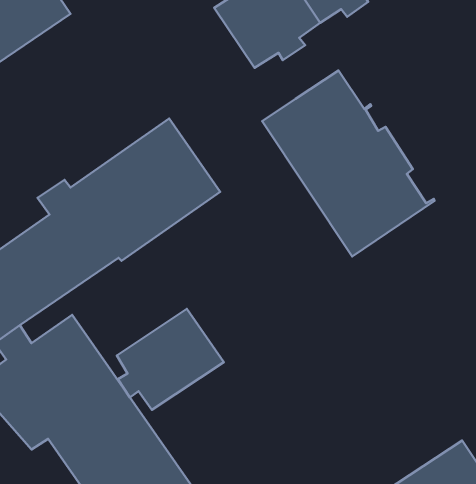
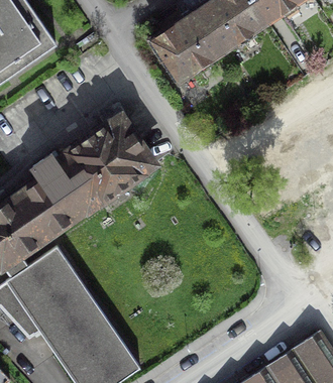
building: [262,70,435,256] -> none
building: [117,309,224,410] -> none

